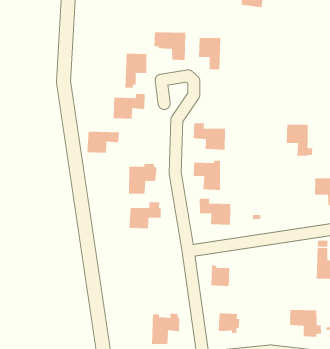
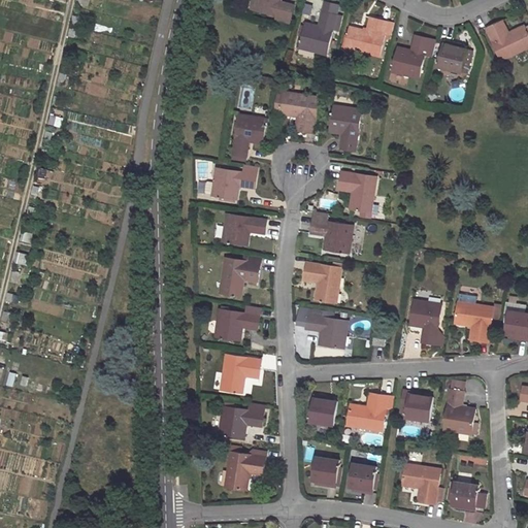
building: none -> [337,171,376,218]
building: [286,124,313,157] -> [408,300,442,344]
building: [86,131,120,154] -> [221,213,266,245]
building: none -> [220,355,261,393]
building: none -> [404,391,432,422]
building: none -> [346,393,393,431]
building: none -> [218,403,263,437]
building: none -> [348,463,377,493]

